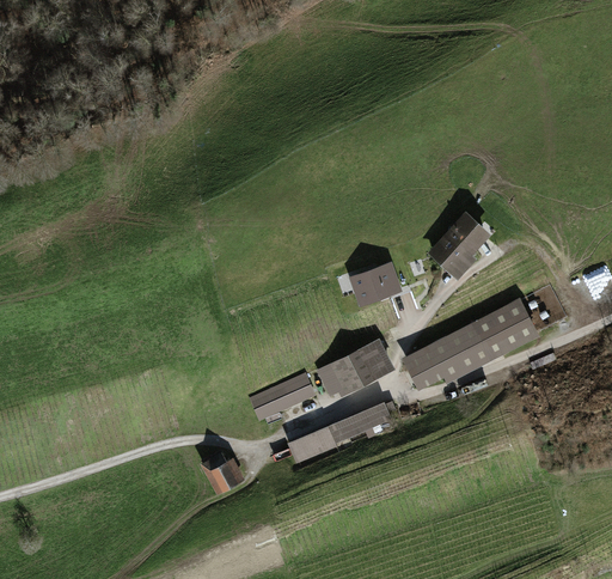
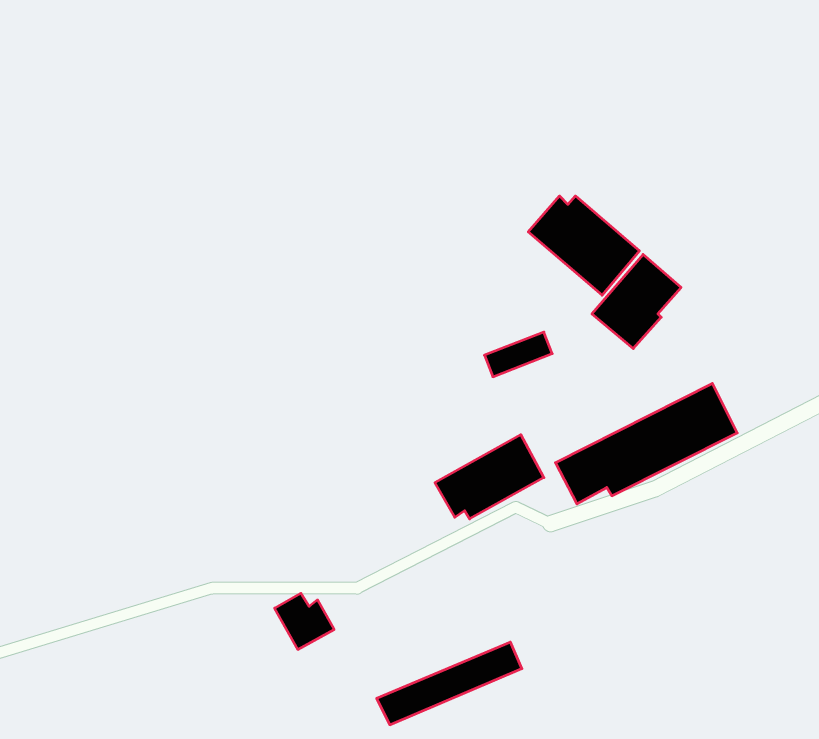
building: none -> [528,196,639,295]
building: [247,374,314,421] -> none
building: [286,402,391,462] -> [377,642,522,725]

